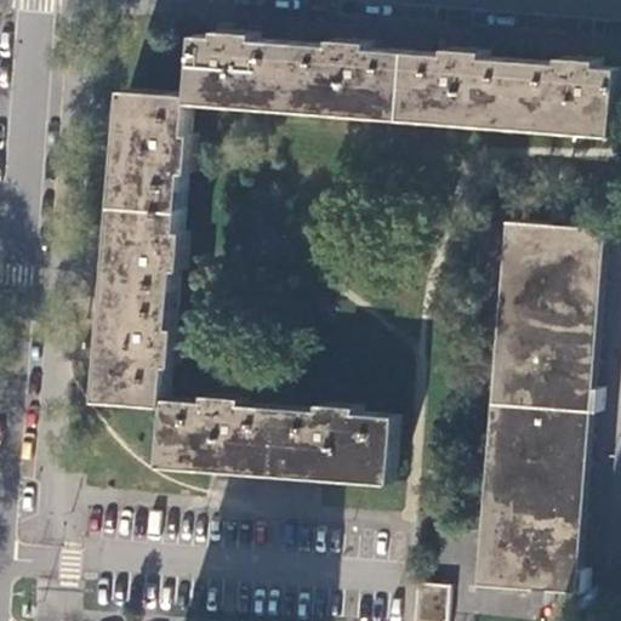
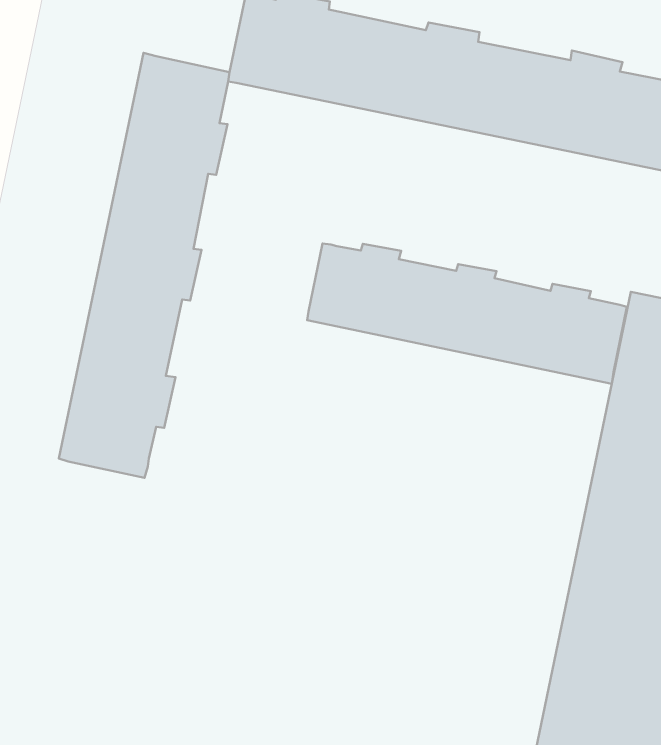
building: none -> [307,243,627,384]
building: [155,395,391,485] -> none

